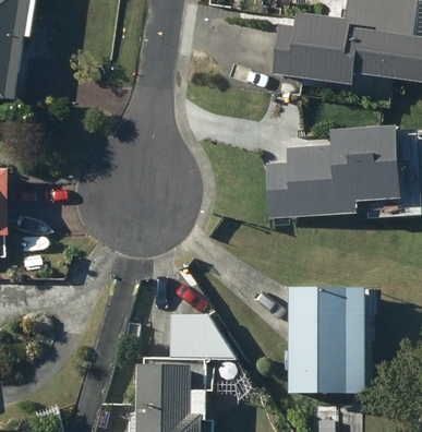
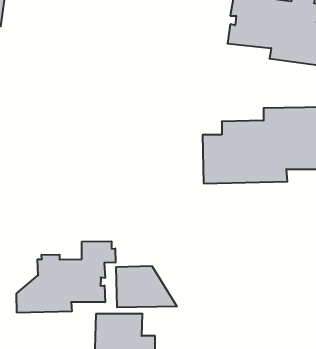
building: none -> [17,241,115,313]
building: [284,290,373,395] -> none

